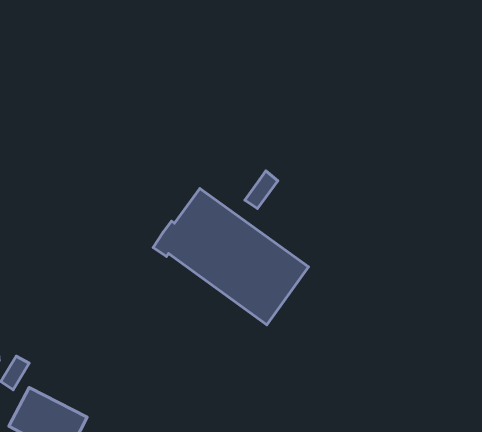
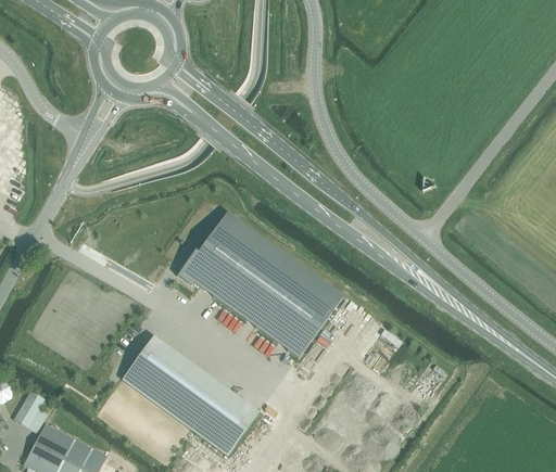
building: [245,171,278,208] -> none
building: none -> [122,331,263,455]

